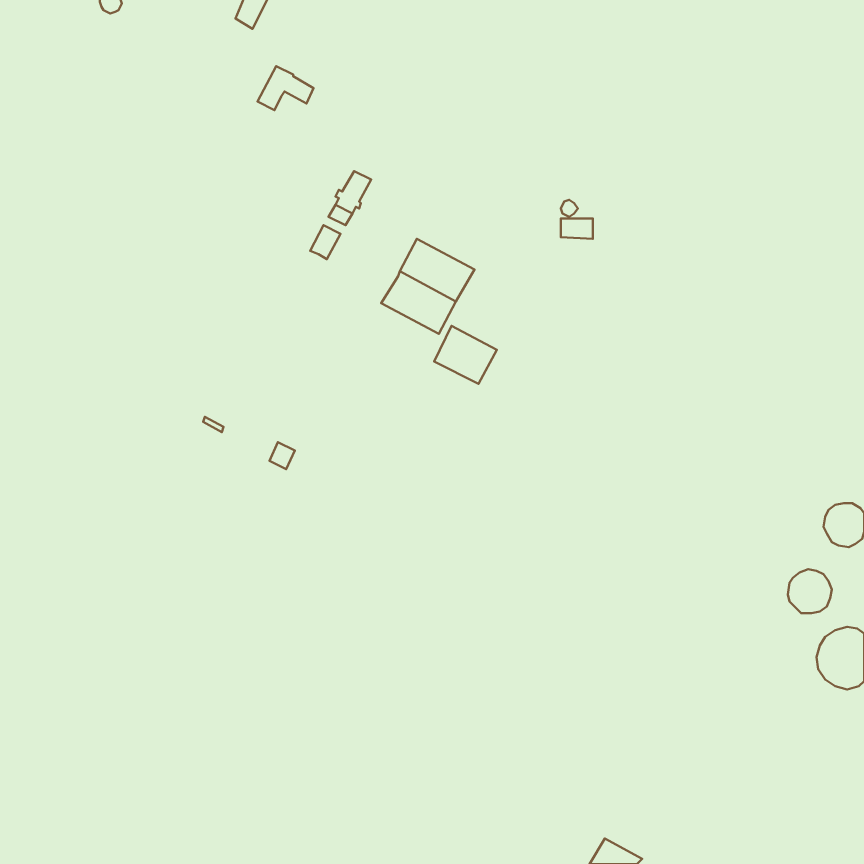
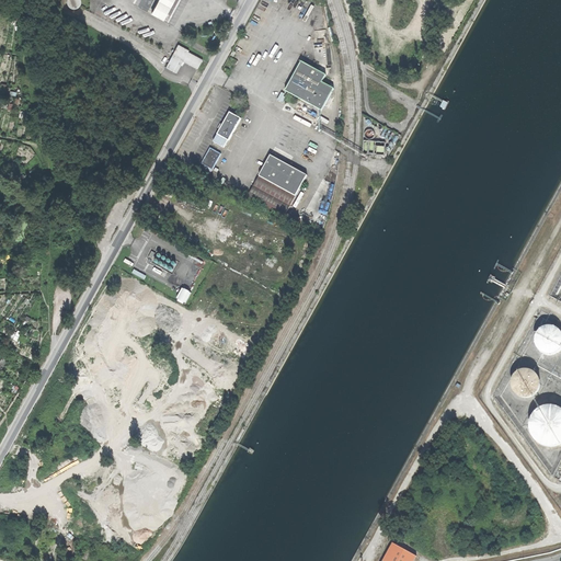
building: none -> [285,60,333,108]
building: [434,326,497,384] -> none

